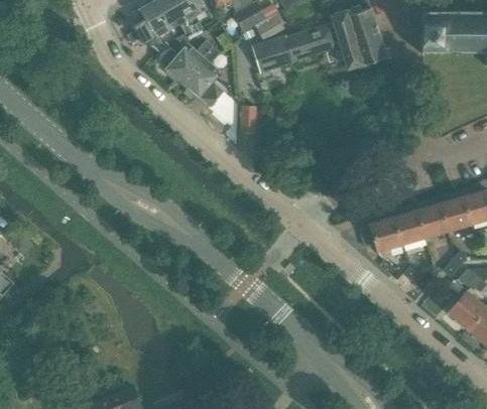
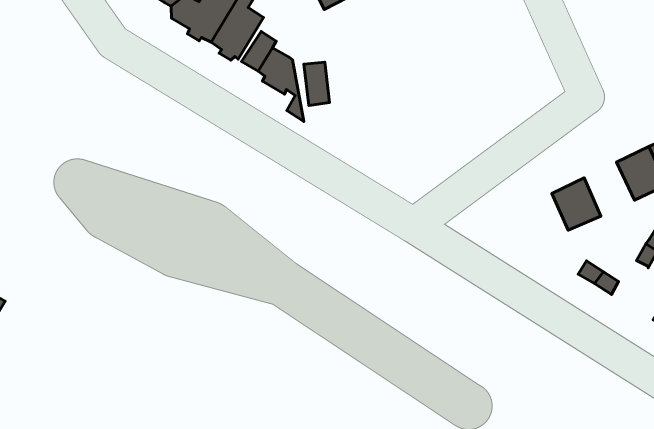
building: [417,203,449,238] -> none
building: [370,218,401,260] -> none

